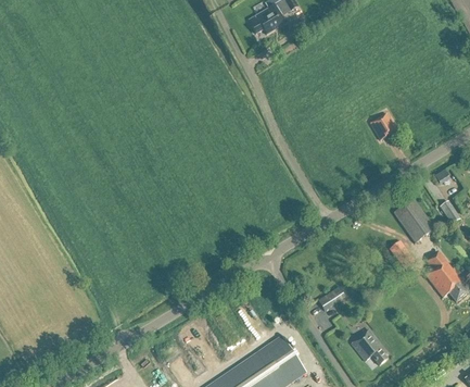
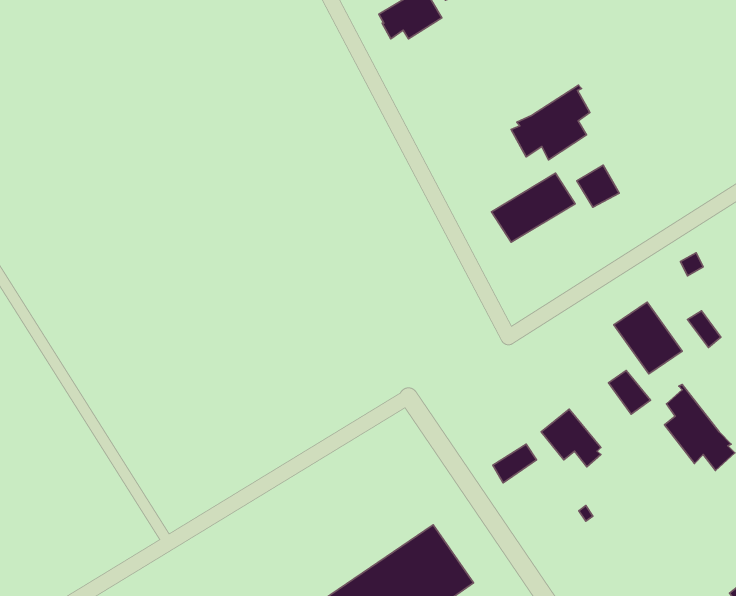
building: none -> [511,85,590,160]
building: none -> [492,173,575,242]
building: [351,328,388,364] -> [541,409,601,467]

